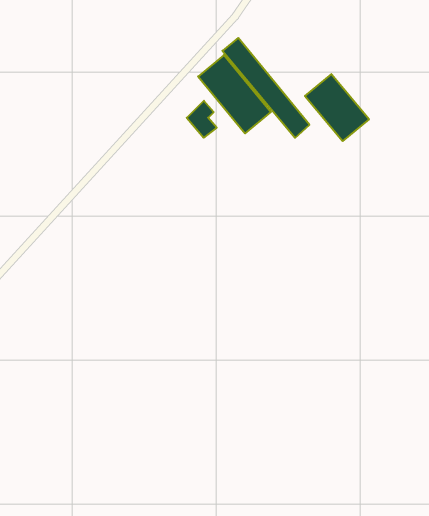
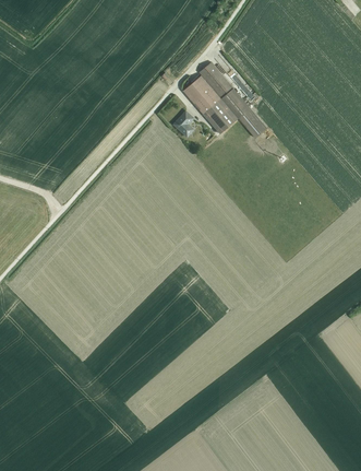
building: [305,74,369,141] -> none

